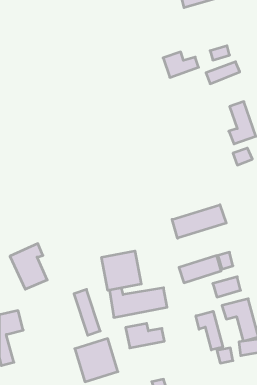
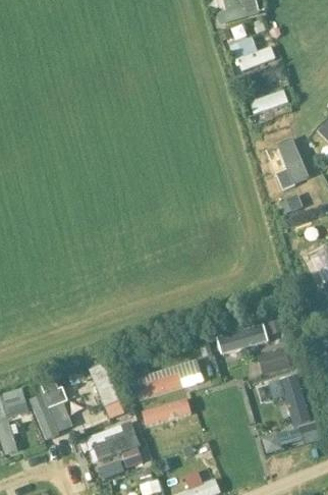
building: [163,52,199,77] -> [232,40,275,70]
building: [172,205,226,238] -> none
building: [10,244,47,289] -> [28,384,72,439]
building: [102,251,141,290] -> none
building: [196,311,223,350] -> none

